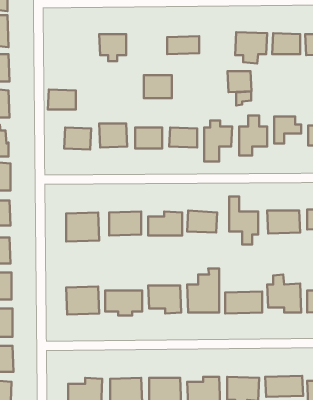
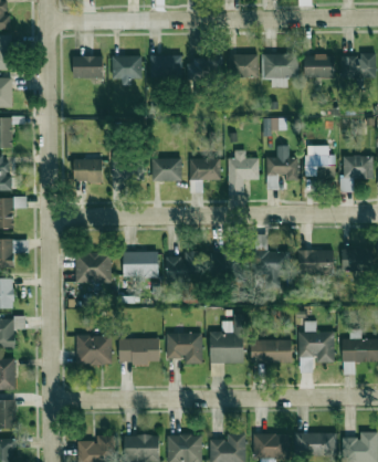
building: [228,71,251,92] -> [231,54,258,77]
building: [144,75,172,98] -> [150,55,181,81]
building: [48,90,76,110] -> [72,55,103,77]

